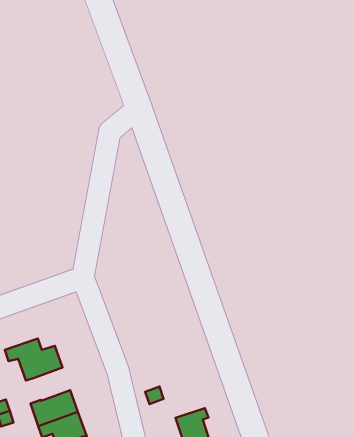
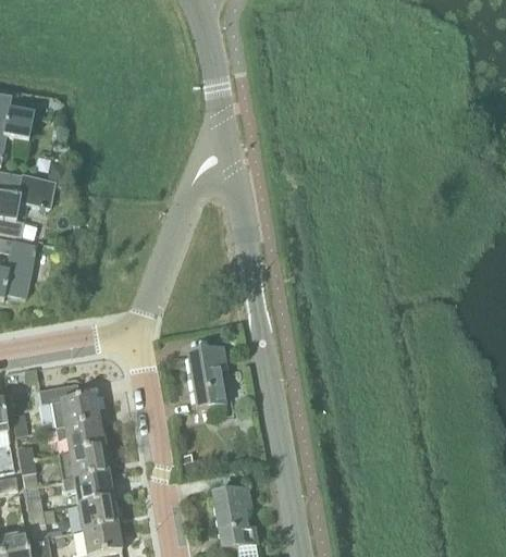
building: none -> [187,347,234,419]
building: none -> [55,419,103,451]

